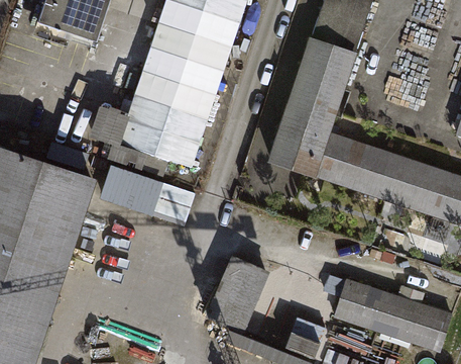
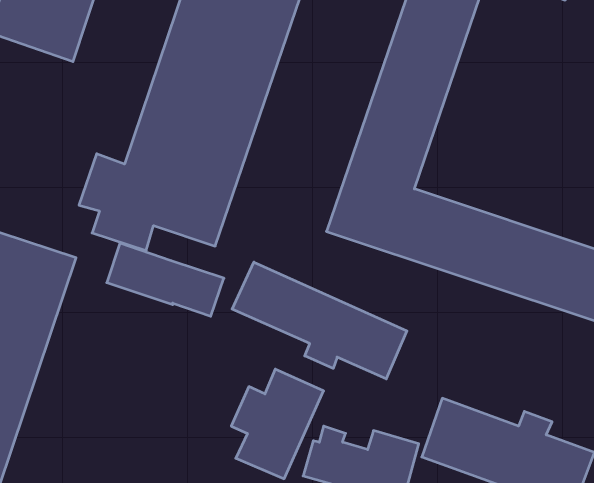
building: none -> [232,262,407,379]

